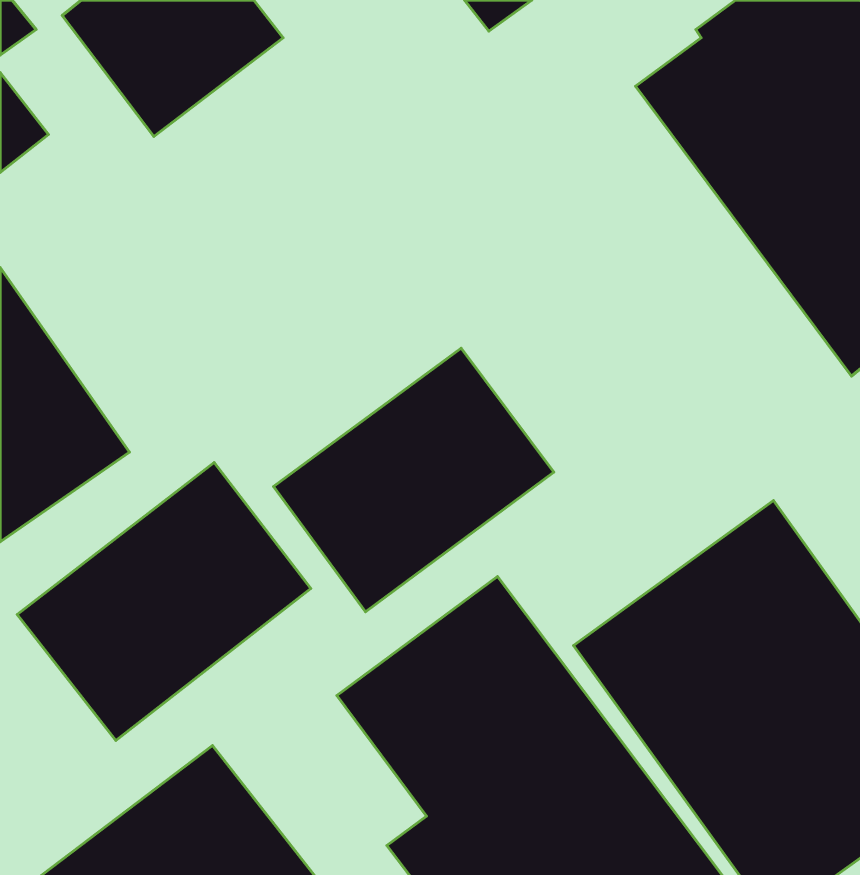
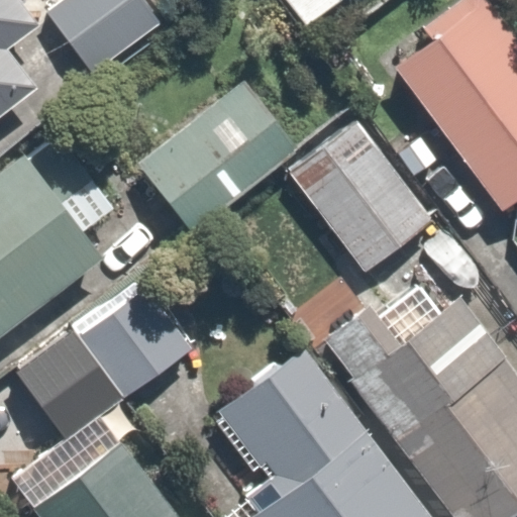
building: none -> [119,76,284,228]
building: none -> [274,115,439,286]
building: [273,348,554,612] -> none

